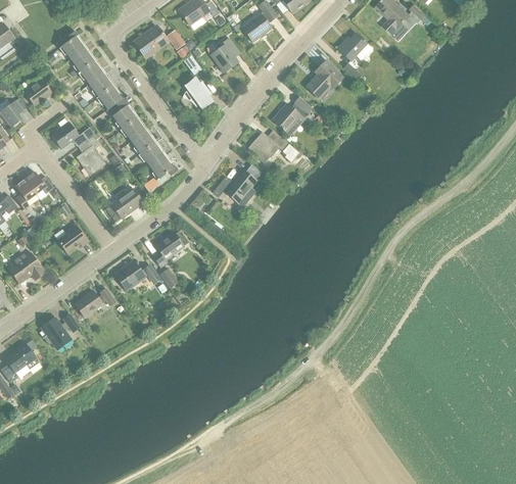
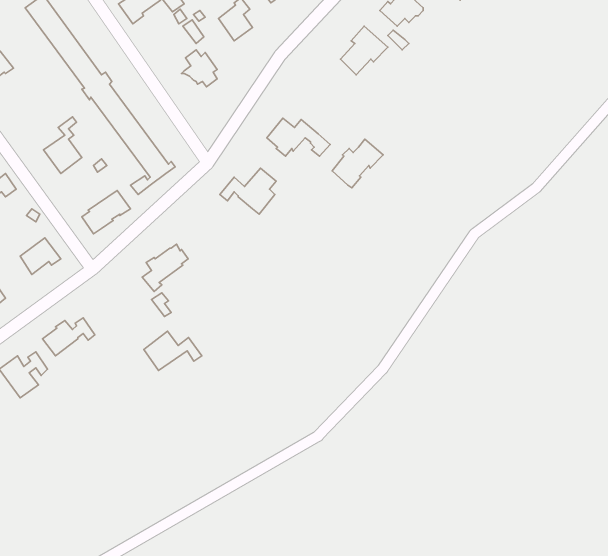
building: [273,95,313,133] -> [332,139,383,188]
building: [50,116,93,147] -> none
building: [113,258,158,289] -> [144,331,202,370]

